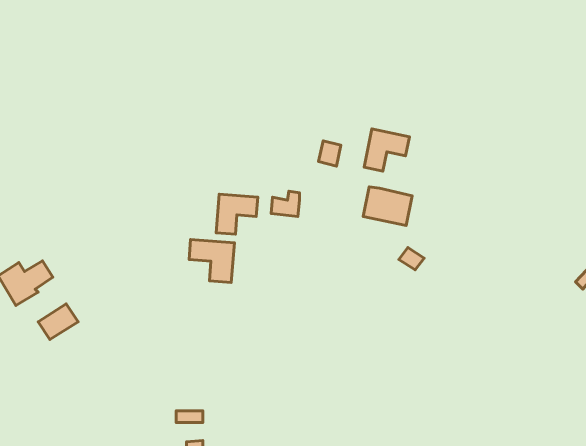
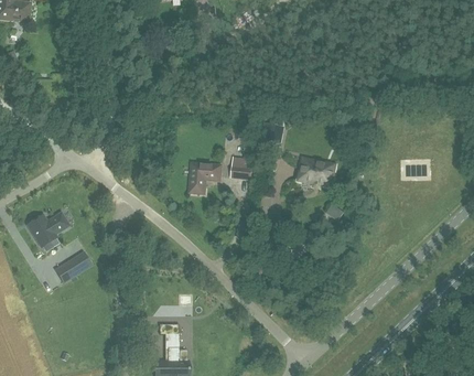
building: [364,129,409,171] -> none
building: [189,240,234,283] -> none

